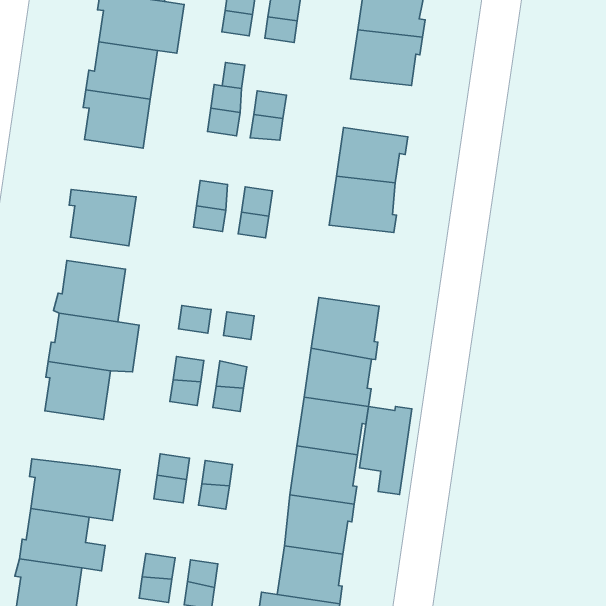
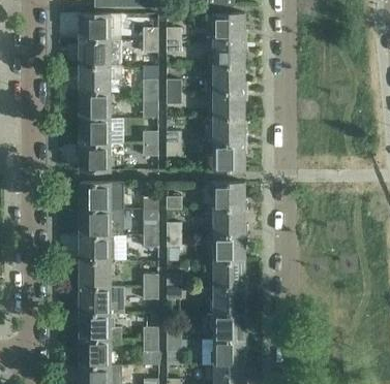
building: none -> [204,66,246,93]
building: none -> [76,119,110,146]
building: none -> [212,143,246,170]
building: [360,406,412,495] -> none
building: none -> [76,262,110,288]

